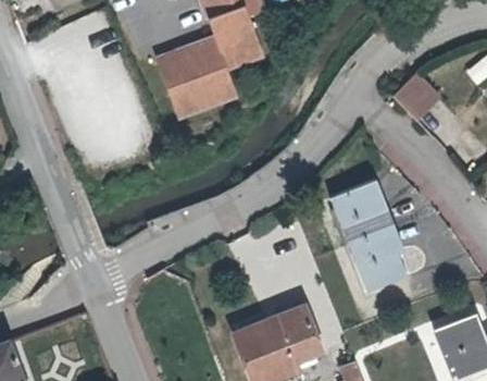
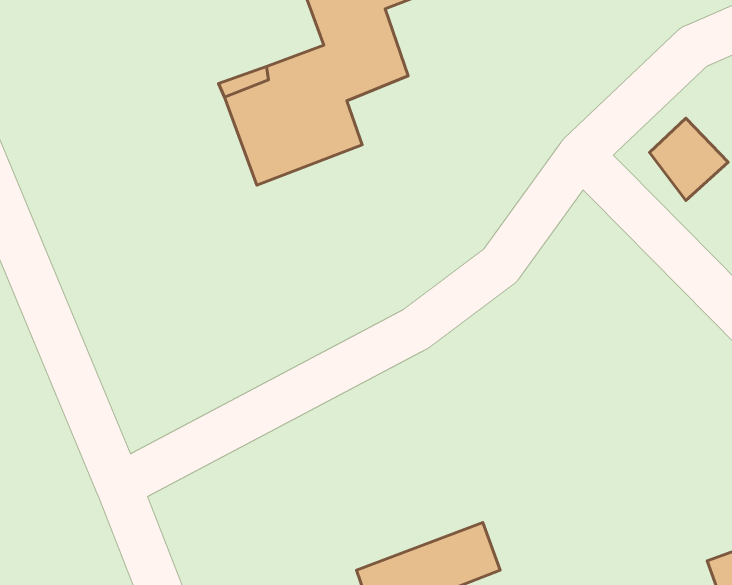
building: [329,181,405,292] -> none

